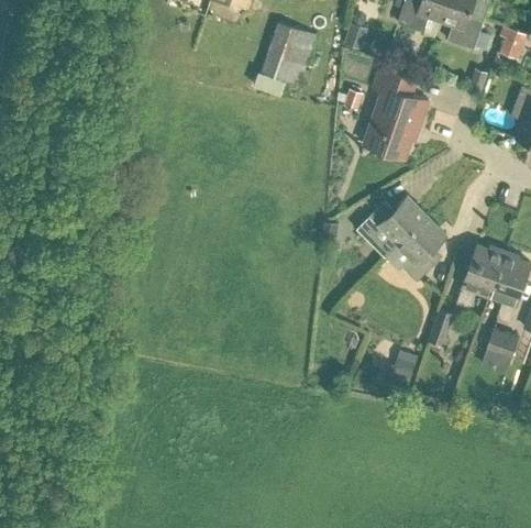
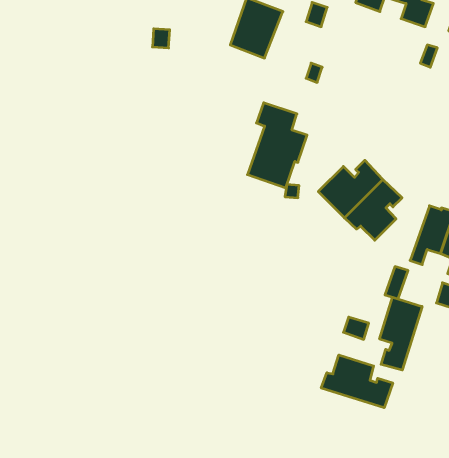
building: [363,66,428,158] -> [247,103,307,188]
building: none -> [380,297,422,370]
building: none -> [321,355,393,408]

